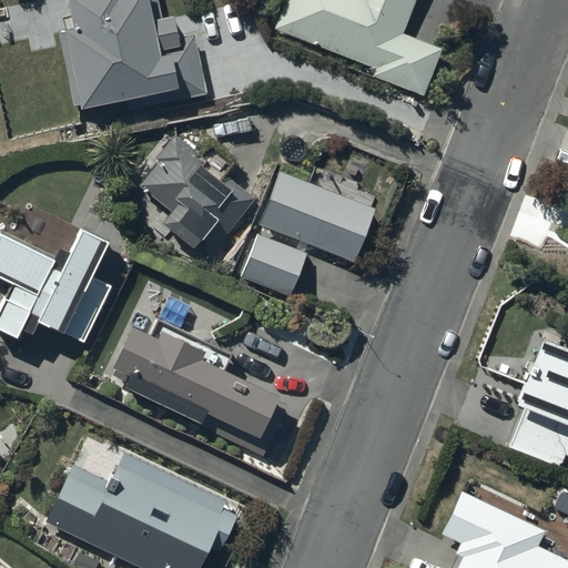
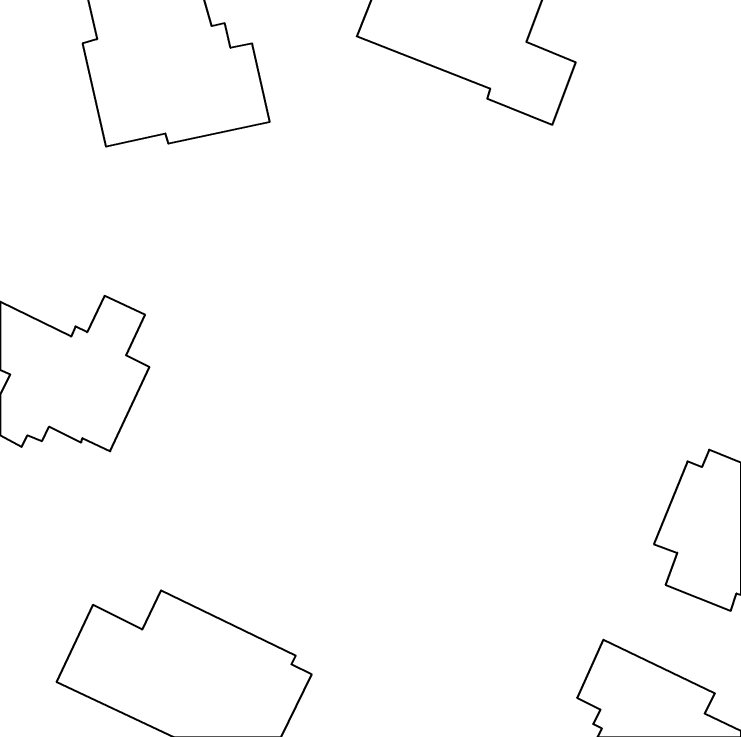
building: [138,133,255,256] -> none
building: [260,169,381,262] -> none
building: [241,232,306,295] -> none
building: [111,324,288,456] -> none

